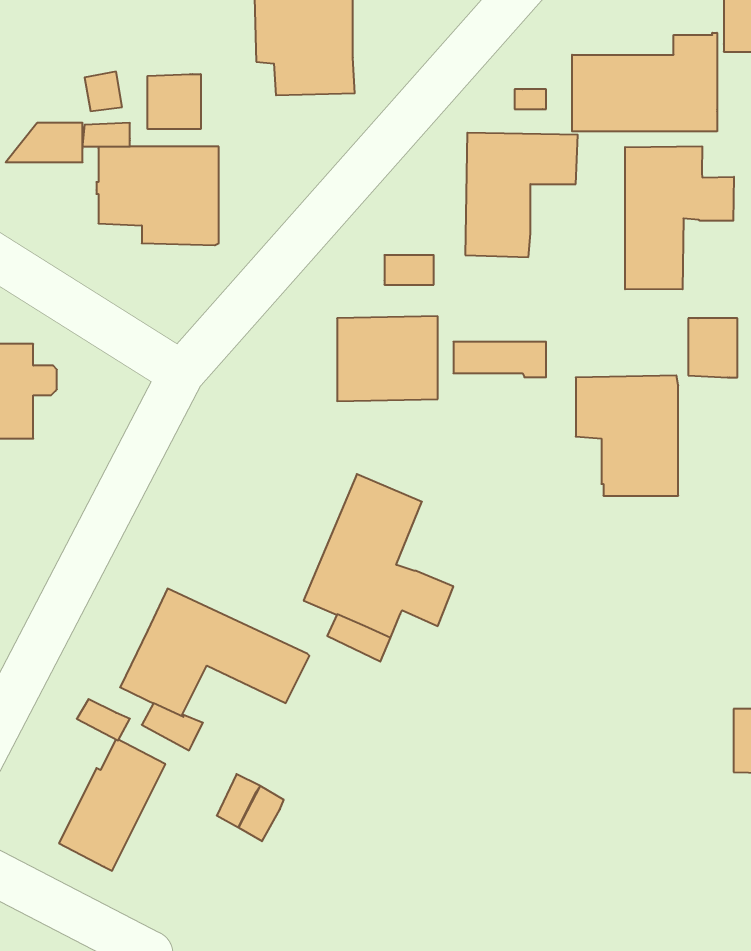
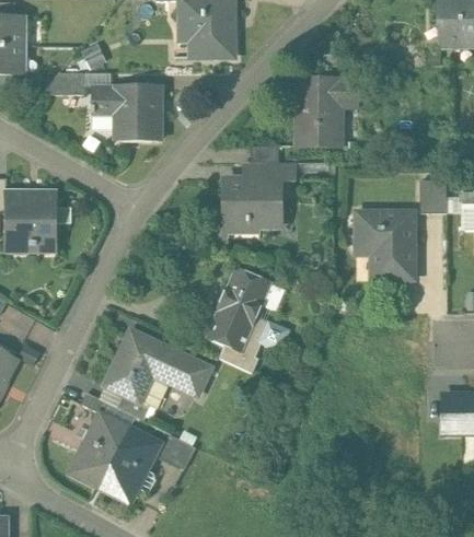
building: [572,33,717,131] -> none
building: [148,74,201,129] -> none
building: [625,146,734,289] -> none
building: [453,342,546,377] -> [242,162,293,182]
building: none -> [100,428,157,502]

